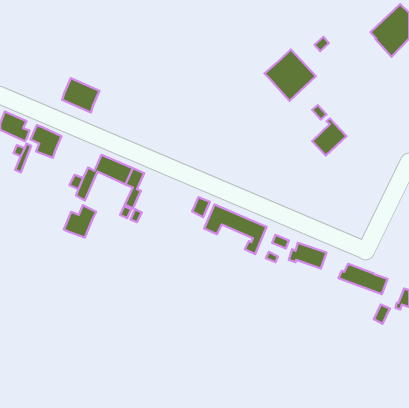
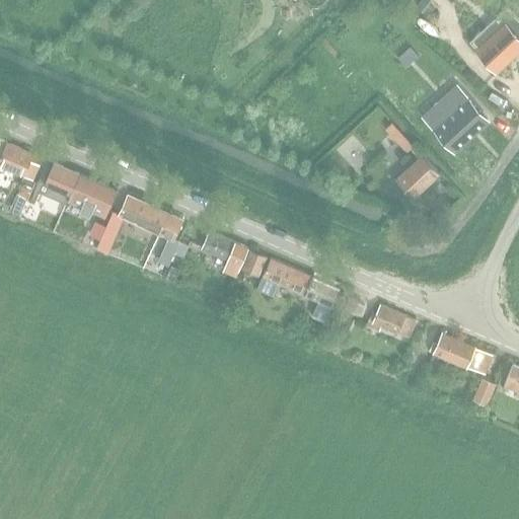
building: [265,50,316,101] -> [423,87,488,152]
building: [62,78,100,113] -> [67,174,115,218]
building: none -> [203,234,246,278]
building: [64,205,96,237] -> none

